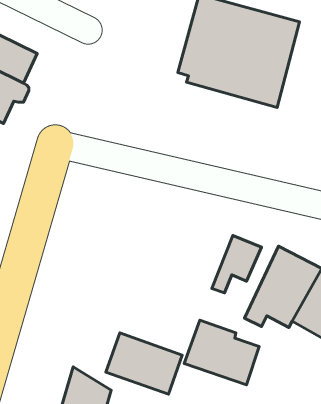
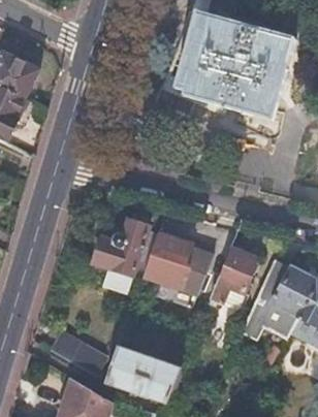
building: none -> [93,216,150,274]
building: none -> [50,328,108,375]
building: [184,320,259,385] -> [144,231,217,294]

